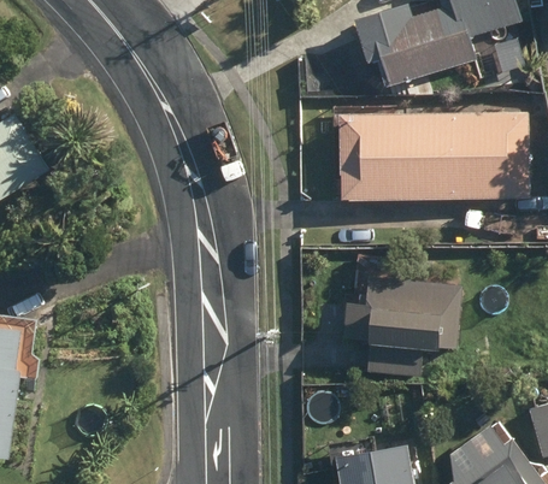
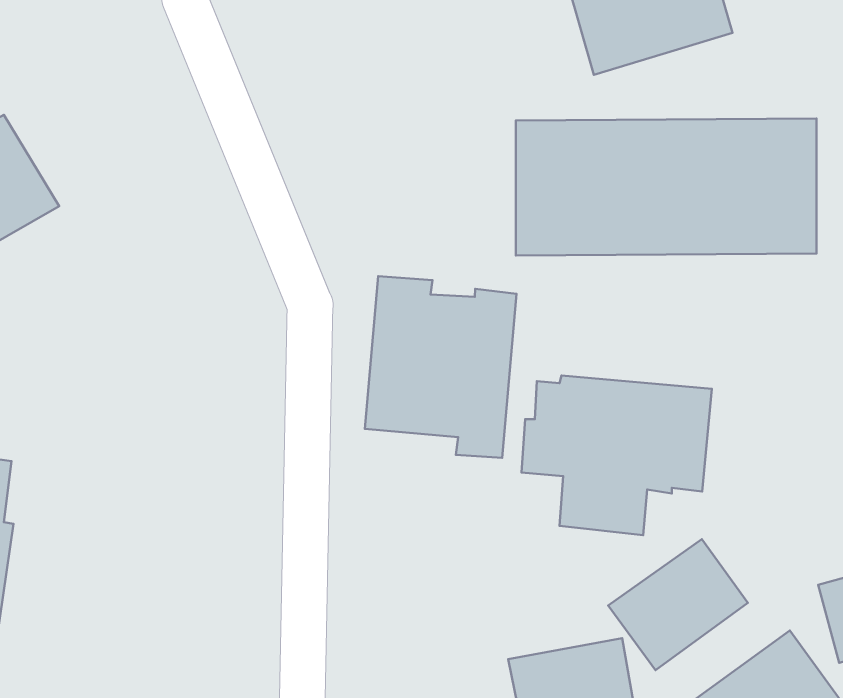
building: none -> [365,276,517,458]
building: none -> [608,539,748,670]

